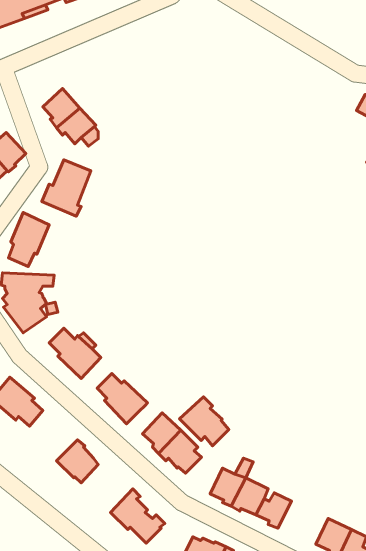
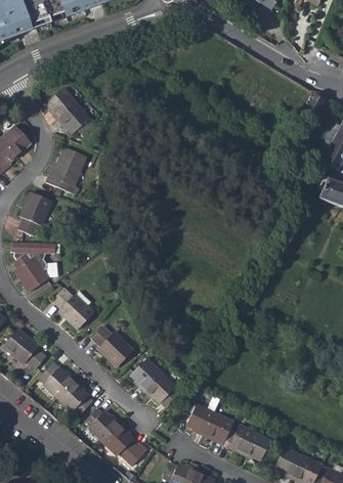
building: [180,397,229,446] -> none
building: none -> [39,361,75,397]
building: none -> [85,406,121,440]
building: none -> [242,431,270,460]

